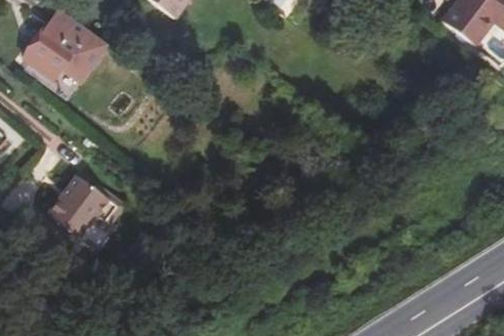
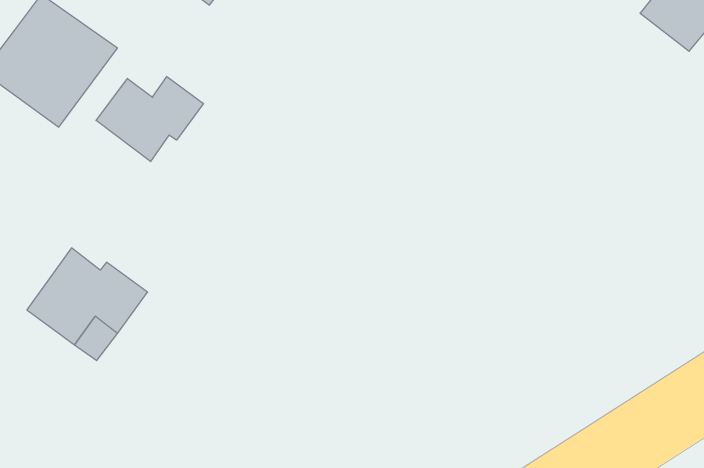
building: none -> [96,76,204,162]

